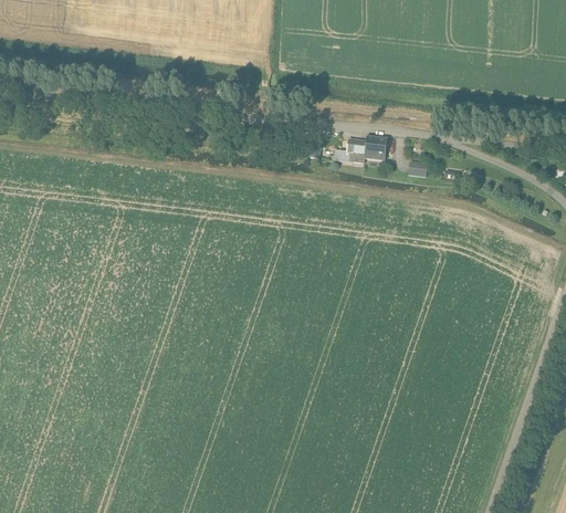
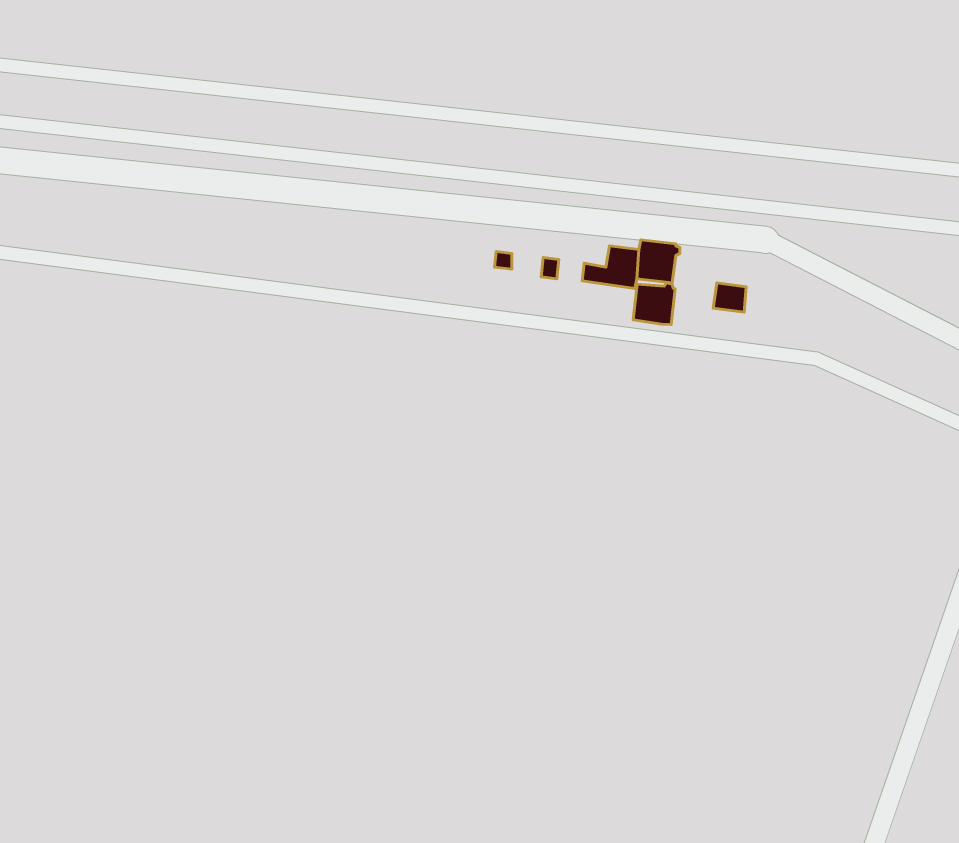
building: none -> [633,283,675,324]

